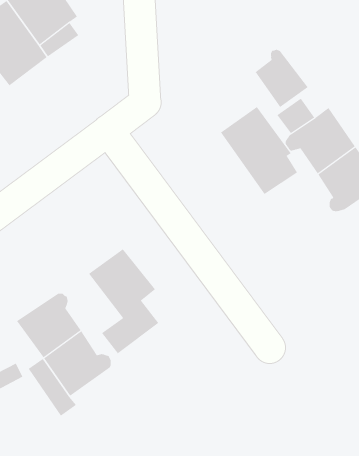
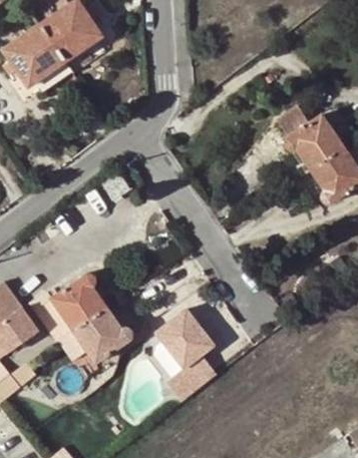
building: [255,49,308,108] -> none
building: [220,106,298,195] -> none
building: [88,248,159,354] -> [158,309,220,400]

